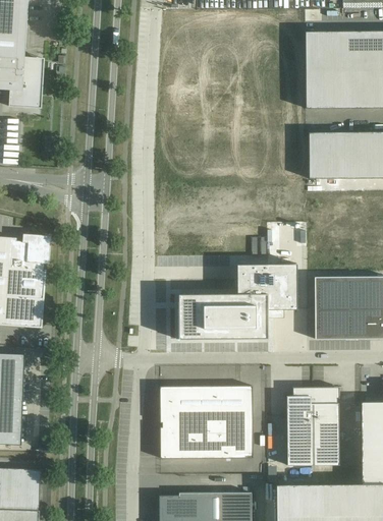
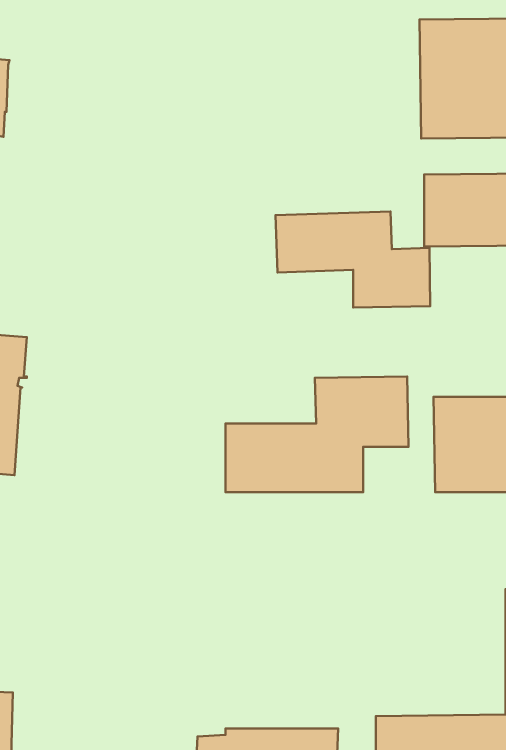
building: none -> [275,211,430,308]
building: [160,386,253,458] -> none
building: [286,388,339,465] -> none

